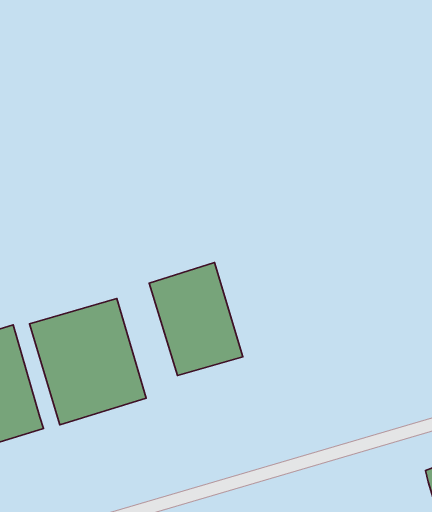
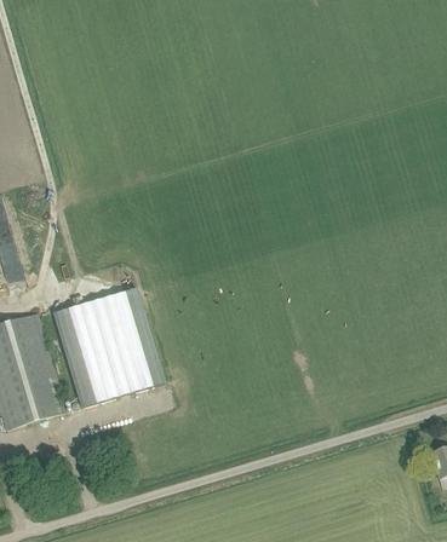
building: [149,263,243,376] -> none

